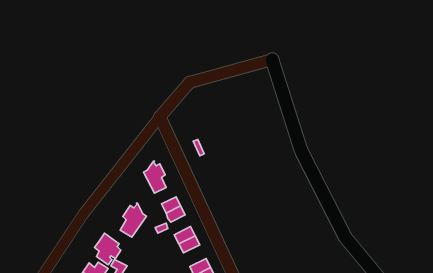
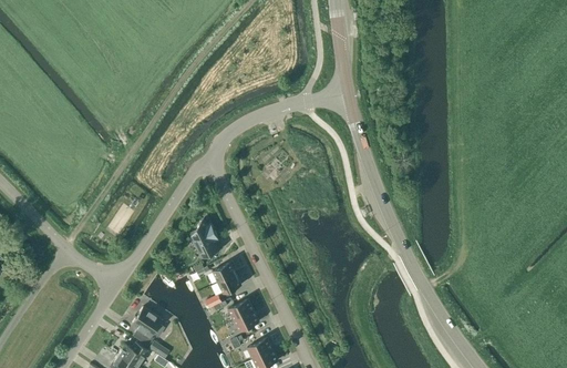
building: [120,203,146,237] -> none

